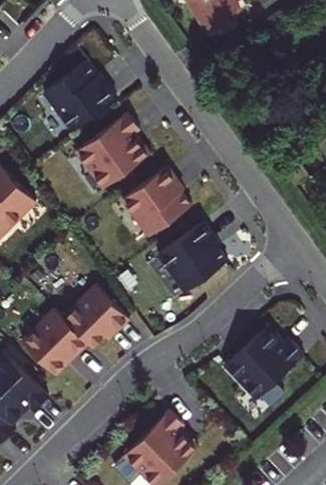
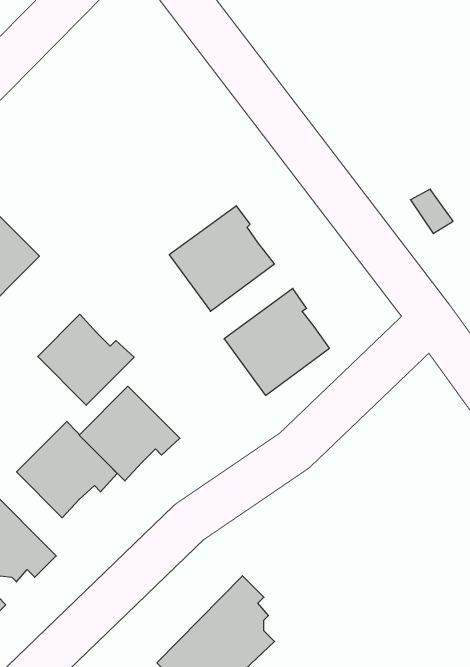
building: [44,62,115,131] -> none
building: [75,113,141,189] -> none
building: none -> [38,314,134,405]
building: [225,333,303,401] -> none

